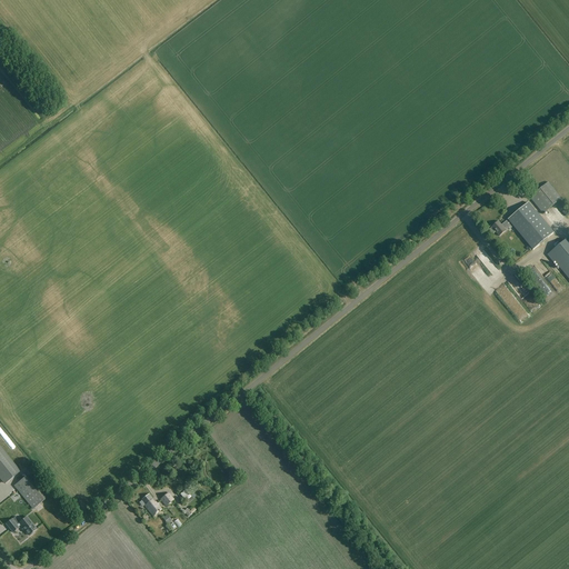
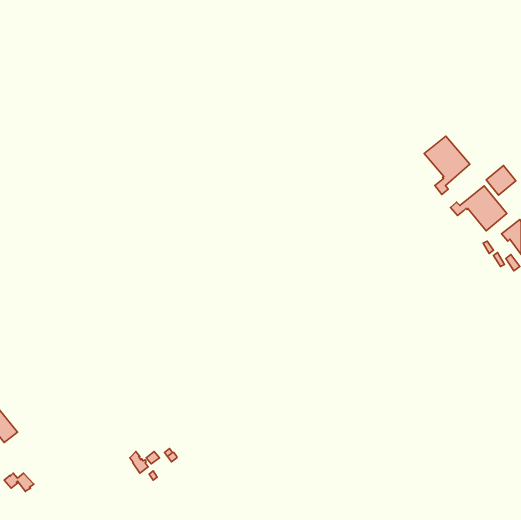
building: none -> [424,136,470,194]
building: [13,473,46,508] -> none

